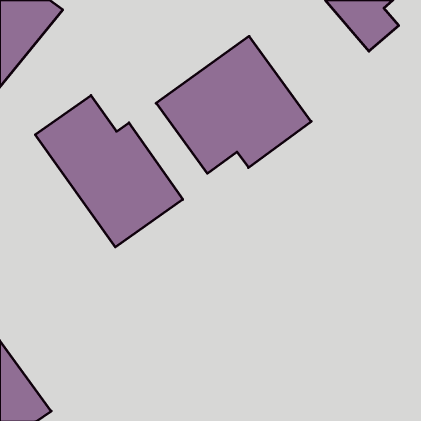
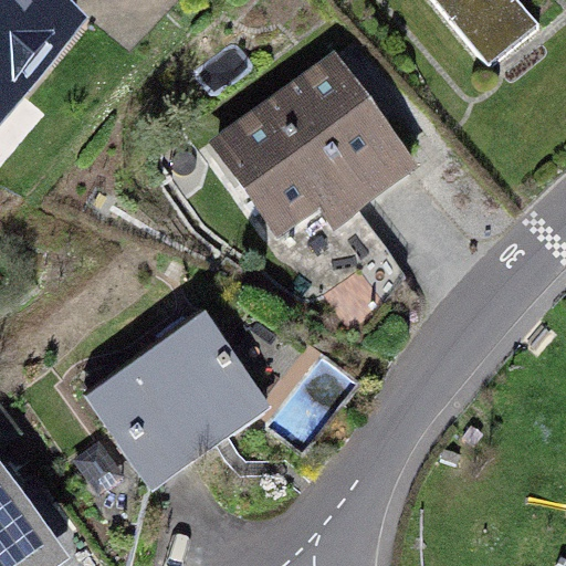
building: [35,95,183,247] -> none
building: none -> [84,313,269,490]

